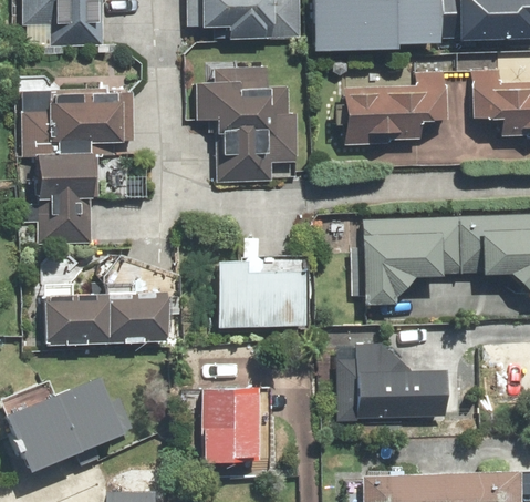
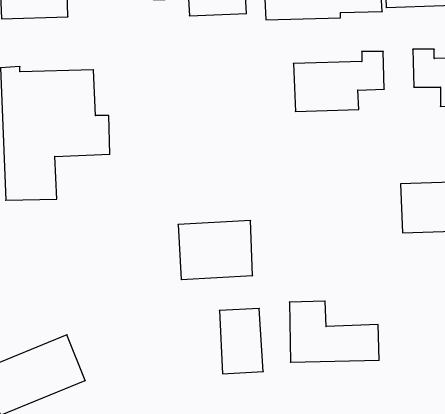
building: [200,68,297,181] -> none
building: [358,221,465,303] -> none
building: [45,298,165,341] -> none
building: [205,390,252,461] -> [219,308,263,374]

